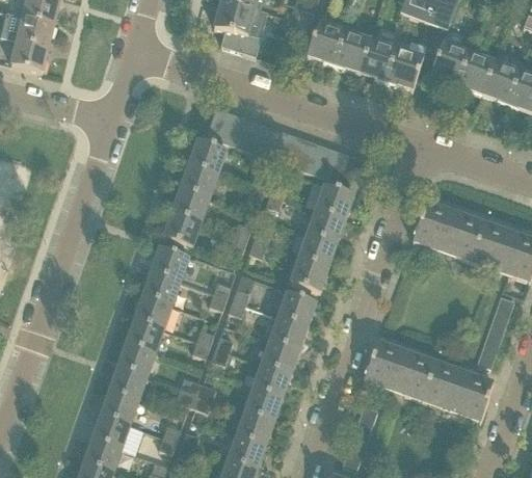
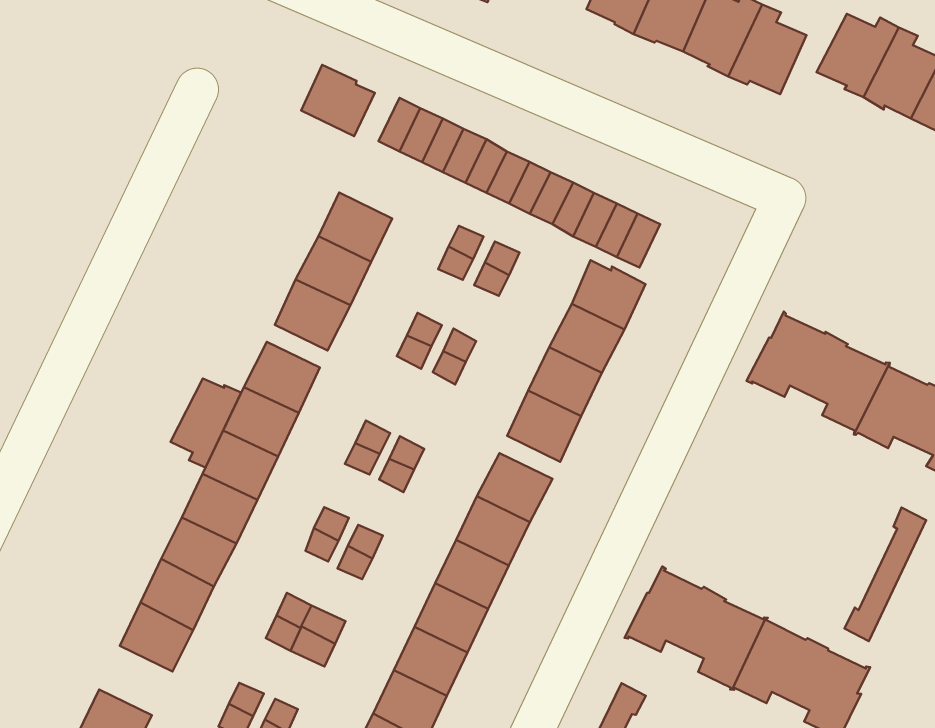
building: [189,139,227,175] -> [301,65,375,136]
building: none -> [171,378,241,468]
building: [92,414,130,448] -> none

